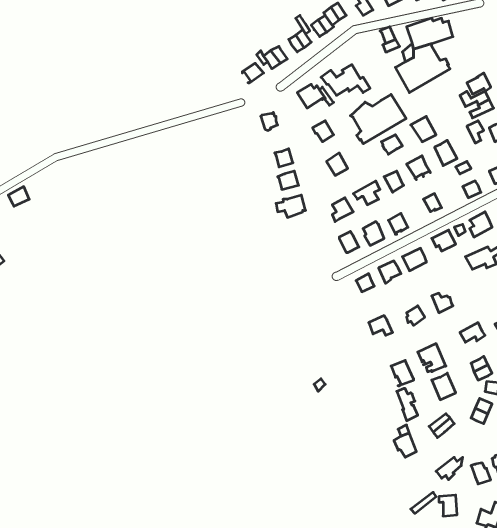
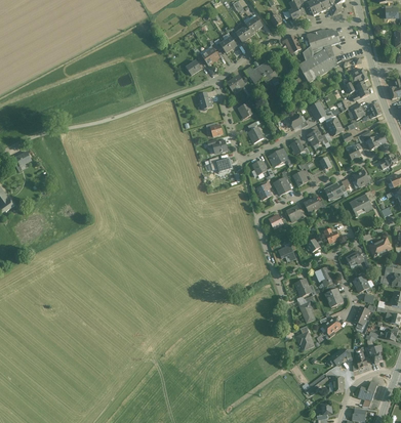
building: [350,94,406,144] -> none

